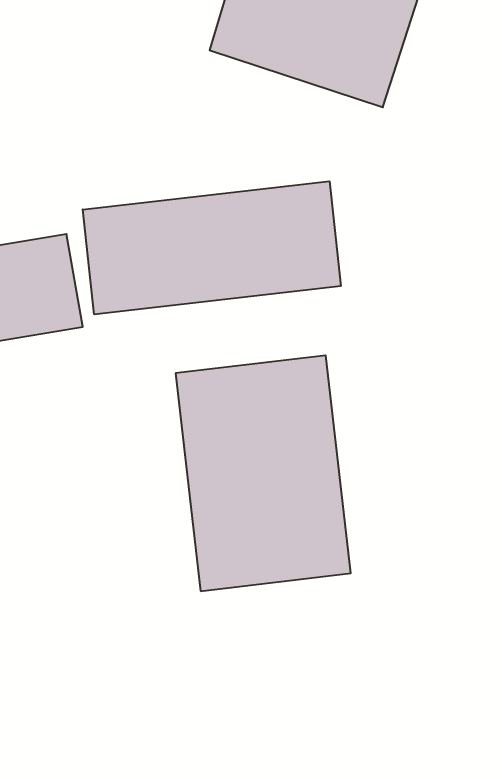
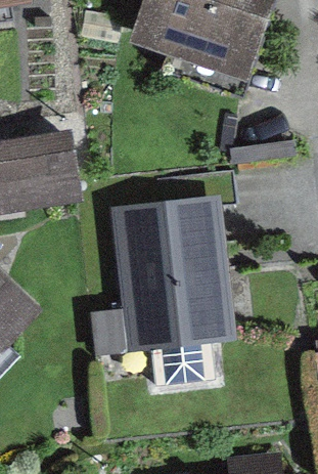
building: [83,181,341,314] -> none

